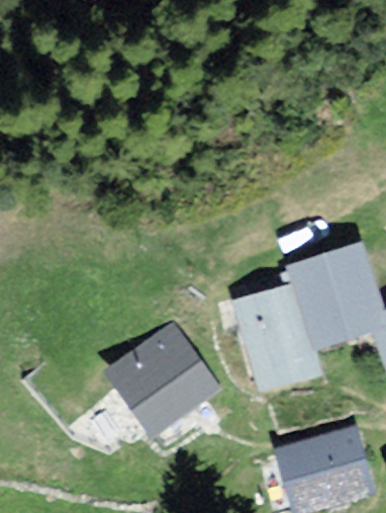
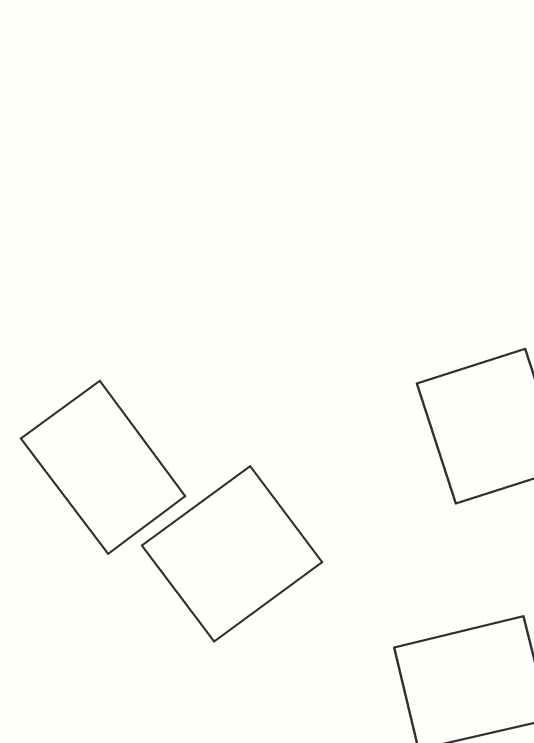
building: none -> [21,381,185,554]
building: [229,281,318,389] -> none

